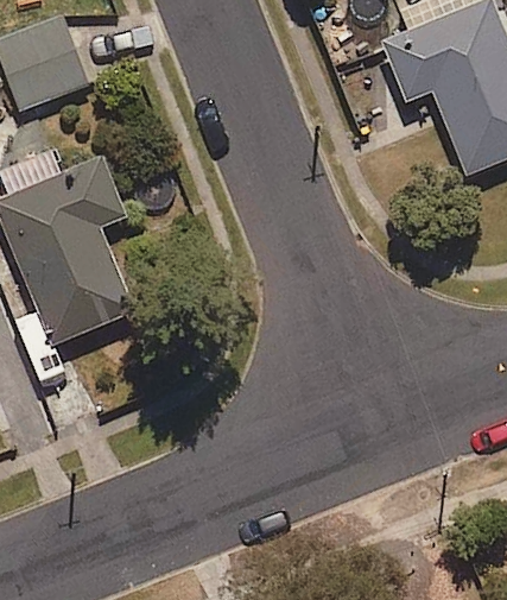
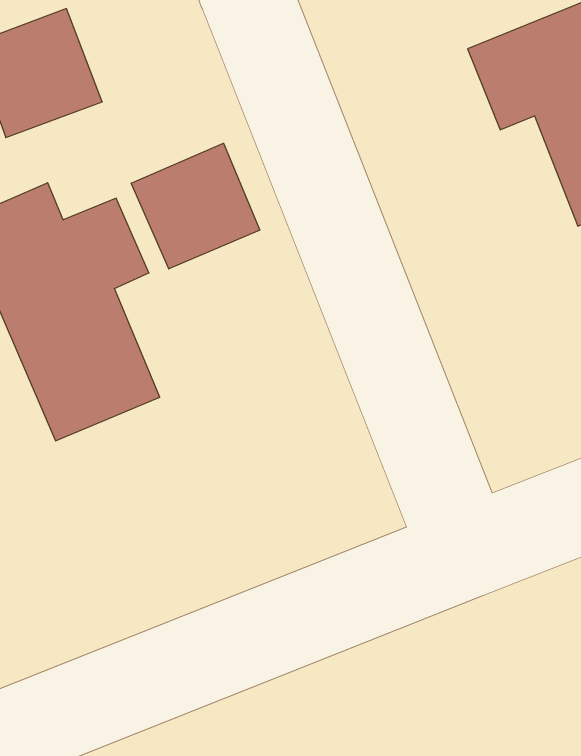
building: none -> [131,143,260,269]

